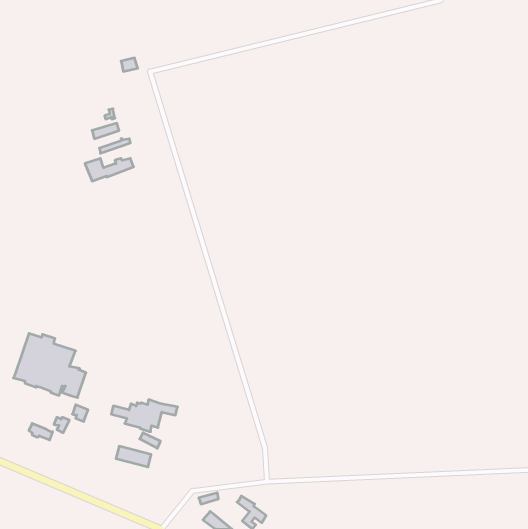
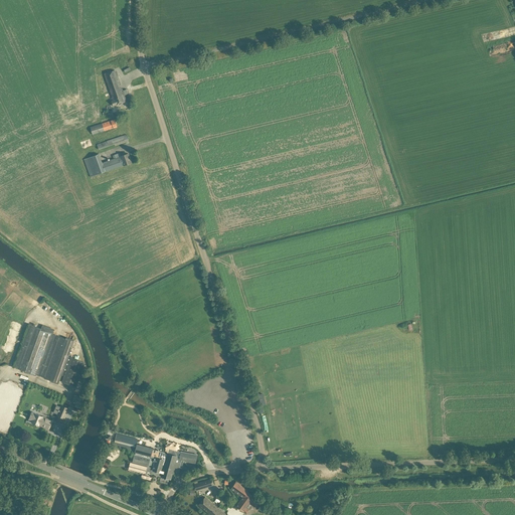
building: none -> [104,70,127,106]
building: [111,400,178,432] -> [132,448,196,479]

